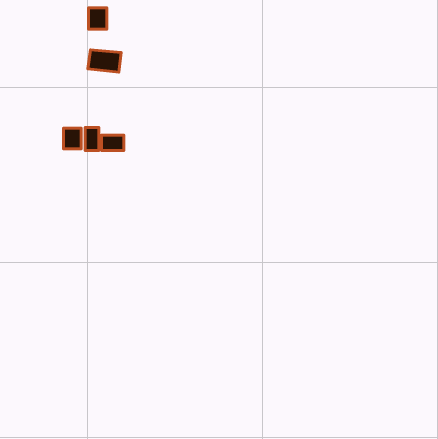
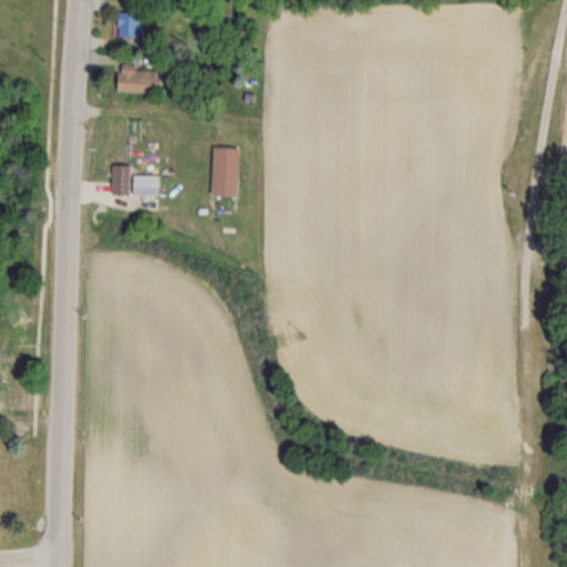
building: none -> [210,146,239,196]
building: [63,128,81,149] -> none

